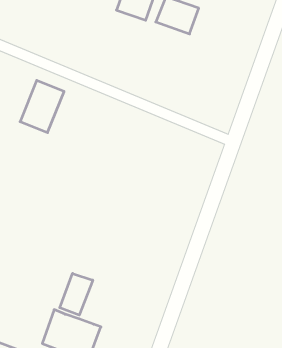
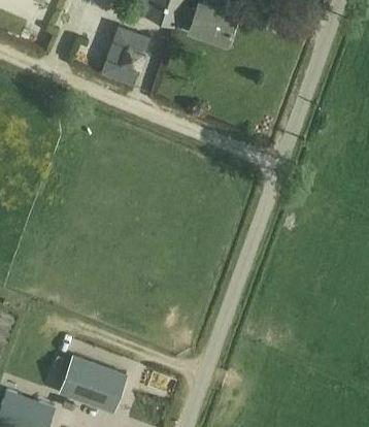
building: [20,80,64,133] -> [99,27,148,86]
building: [60,273,93,315] -> none

